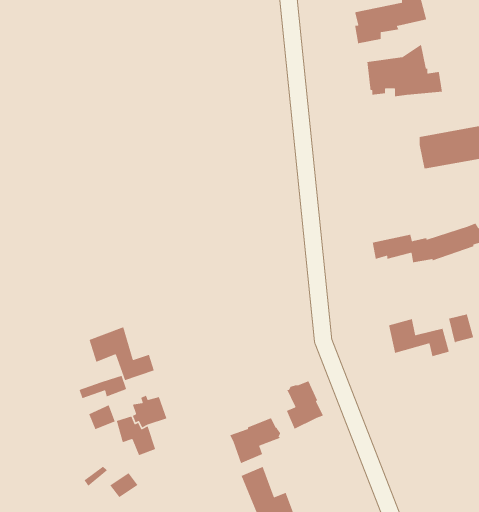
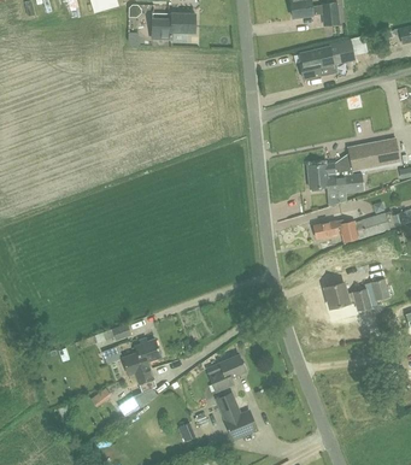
building: [366,44,443,97] -> [307,152,364,192]
building: [88,326,155,381] -> none
building: [286,380,324,430] -> none

